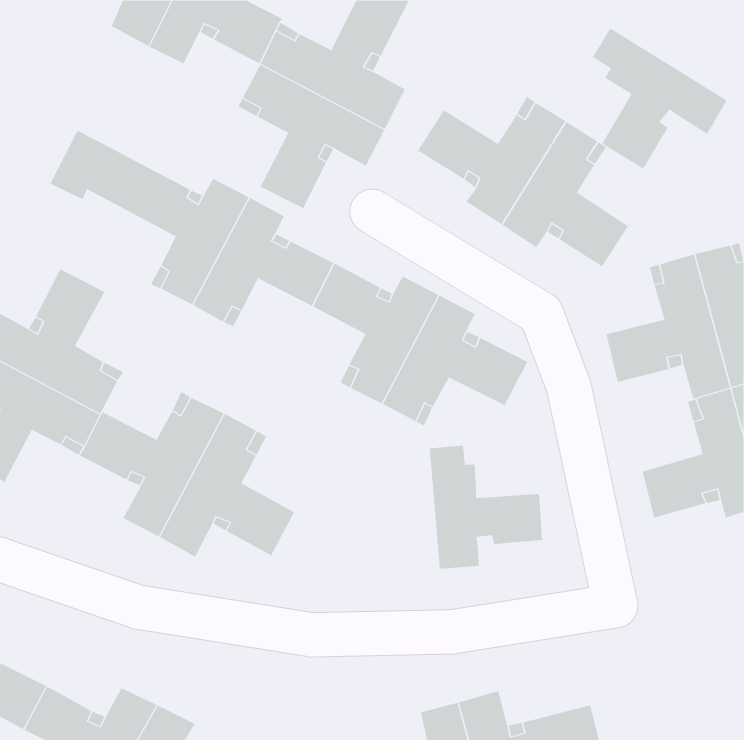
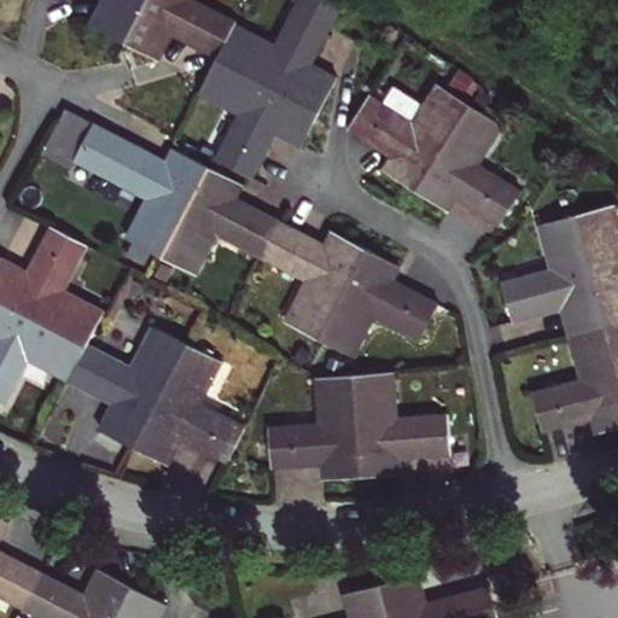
building: [592,28,727,169] -> none
building: none -> [267,375,363,478]

